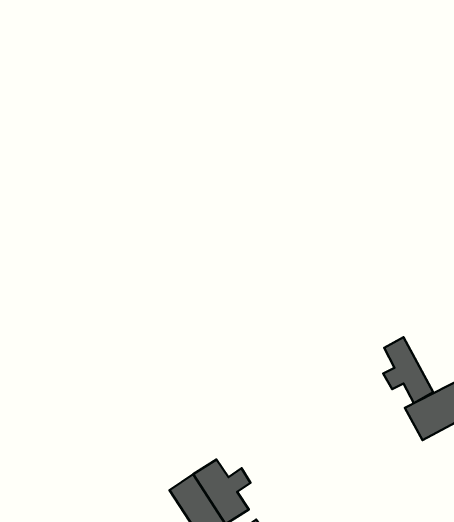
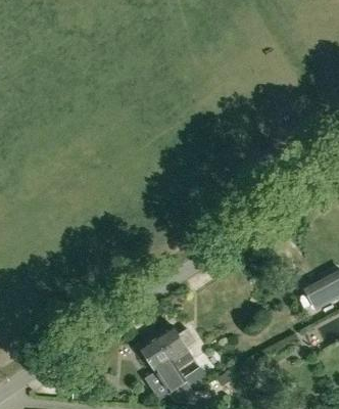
building: [383,337,433,403] -> none

